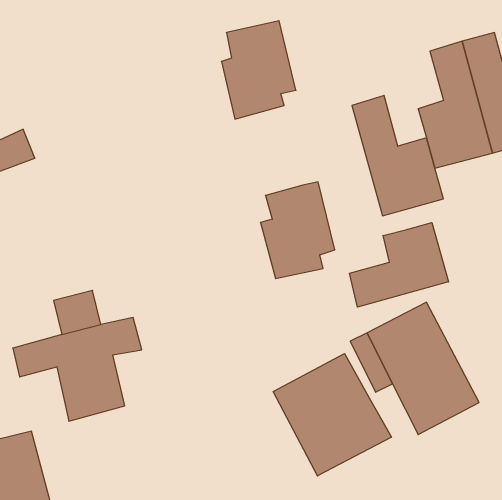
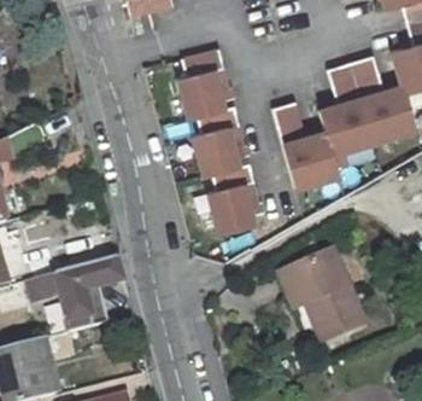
building: none -> [193,106,246,175]
building: [349,223,449,307] -> none
building: [273,354,391,476] -> none

